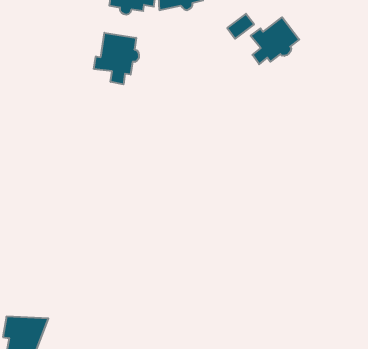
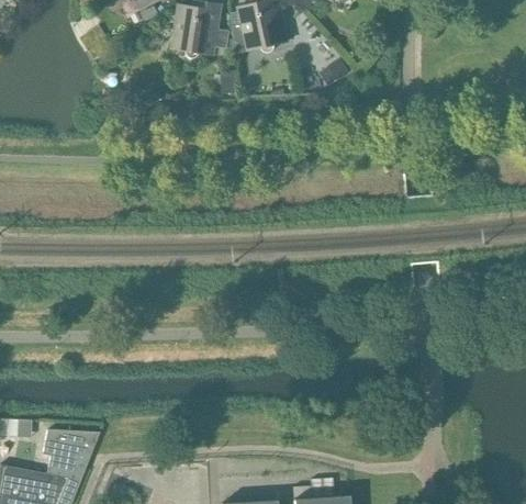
building: [251,17,299,64] -> none
building: [94,33,139,84] -> none

